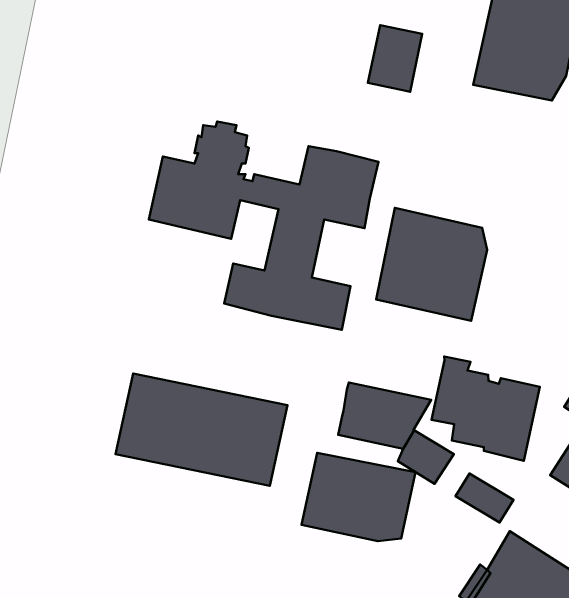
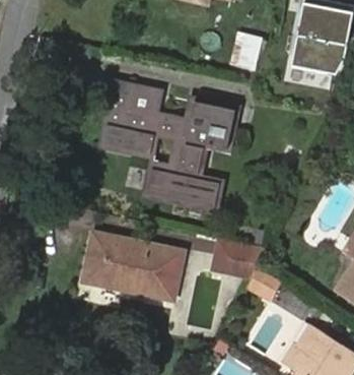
building: [376,208,487,321] -> none
building: [431,356,540,461] -> none
building: [302,453,416,541] -> none

